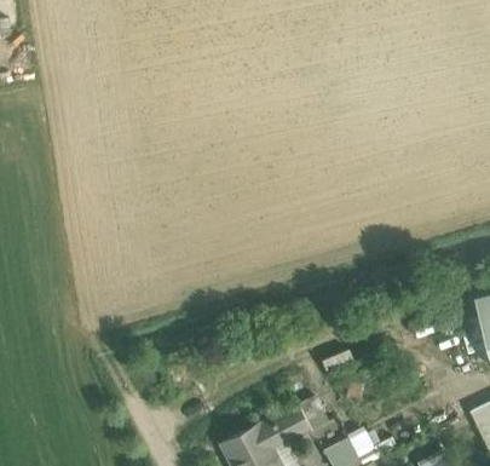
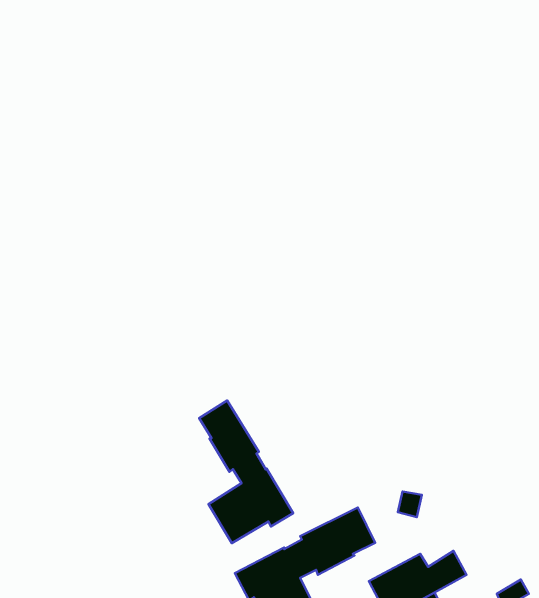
building: none -> [199,401,293,543]

